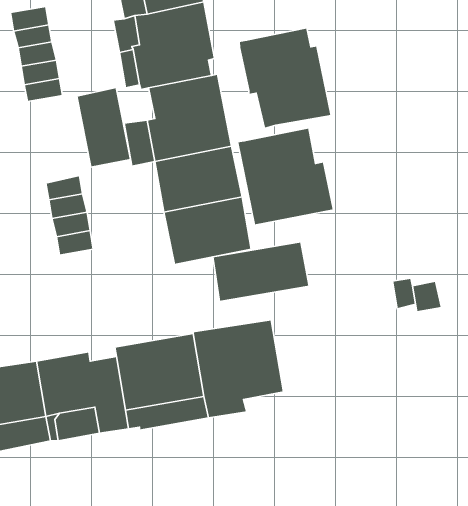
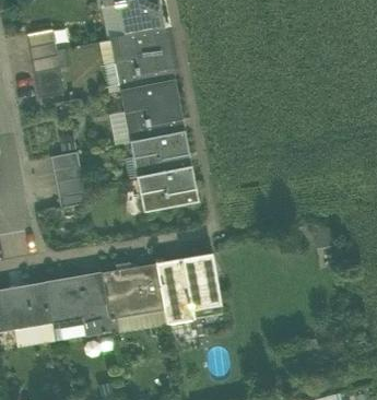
building: [239,28,331,129] -> none
building: [77,87,131,167] -> none
building: [238,128,334,225] -> none
building: [213,242,309,301] -> none

